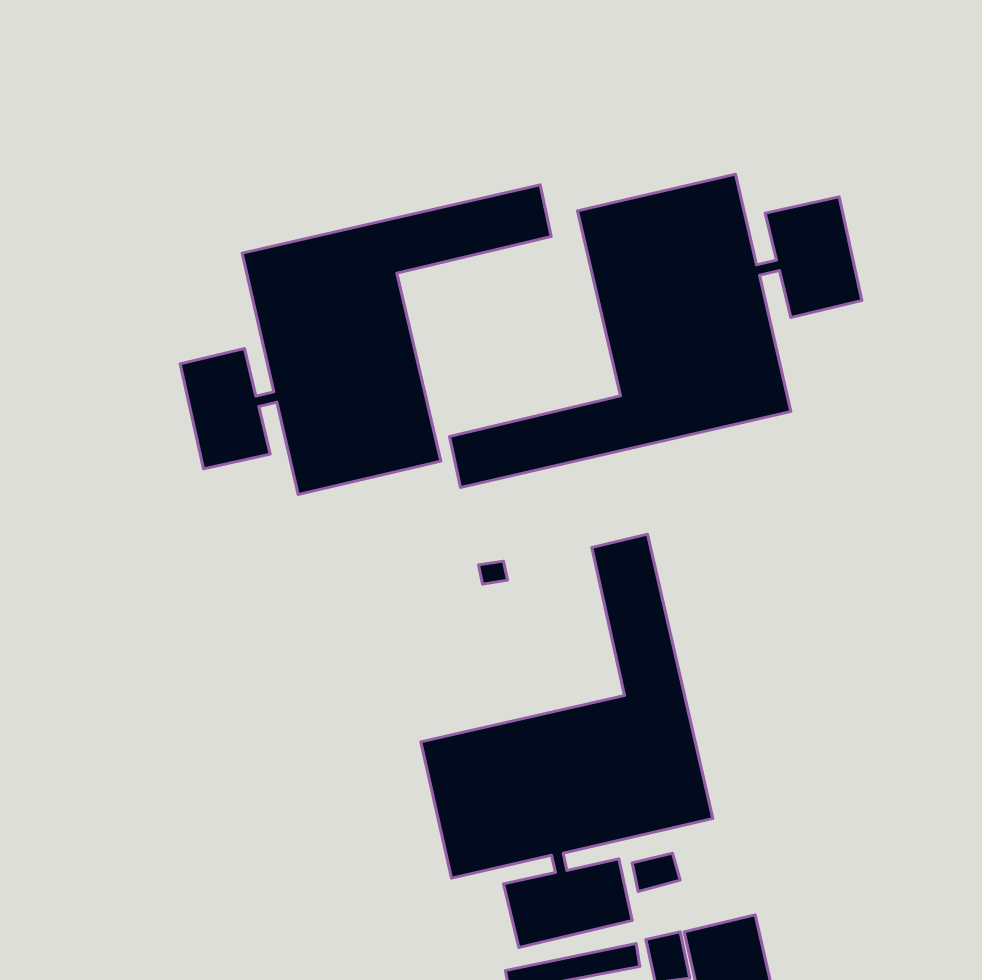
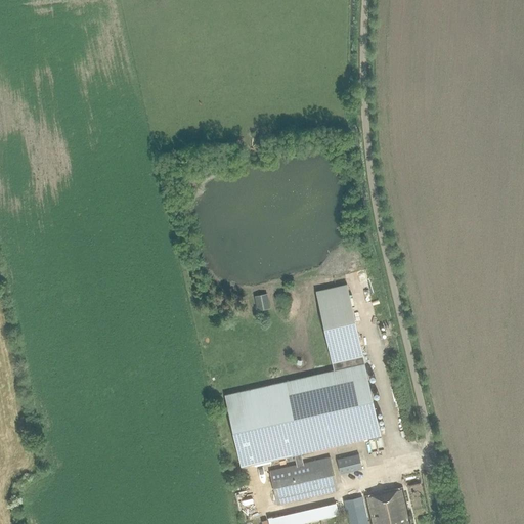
building: [449,174,862,487] -> none
building: [180,185,551,495] -> none

